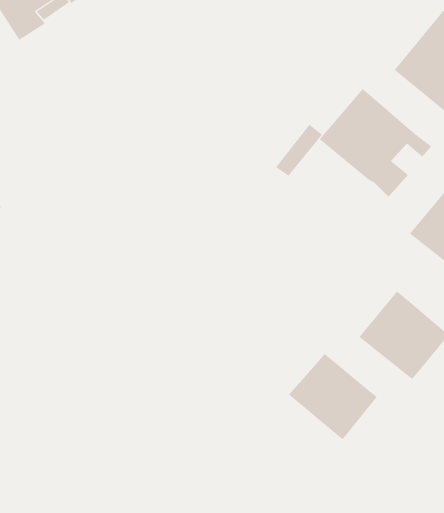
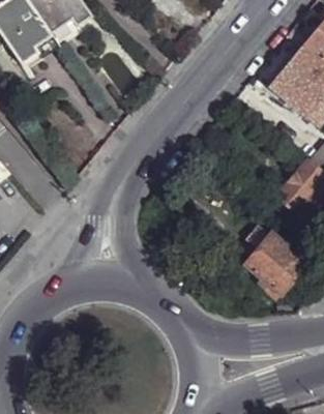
building: [319,88,432,198] -> none
building: [288,353,377,440] -> none

